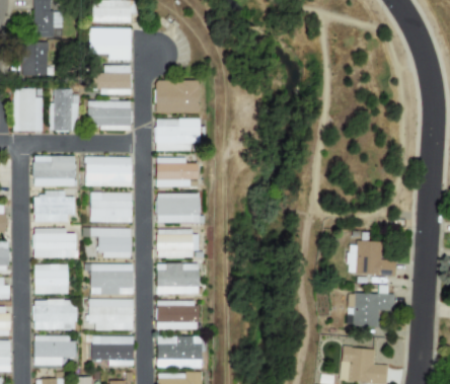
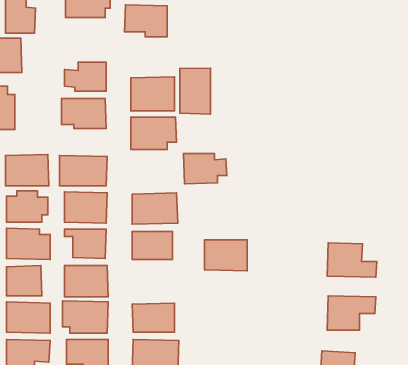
building: [89,27,131,59] -> [125,5,167,37]
building: none -> [180,68,211,114]
building: [50,88,78,131] -> none
building: [156,157,199,186] -> [183,154,227,184]
building: [157,263,199,294] -> [204,240,247,271]

